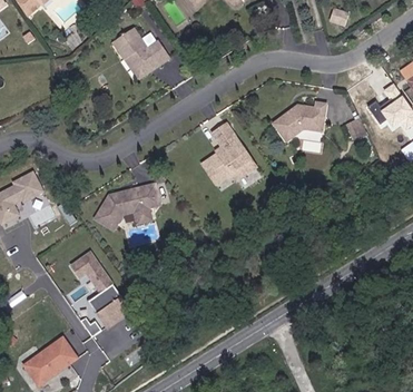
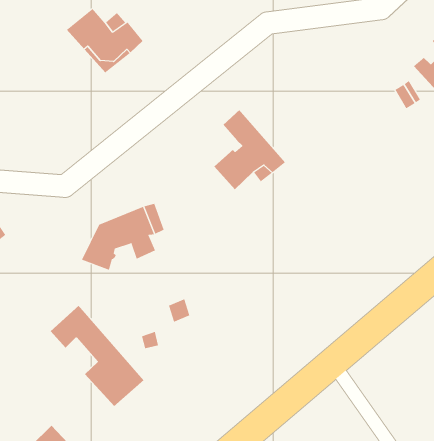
building: [281,104,335,140] -> none

